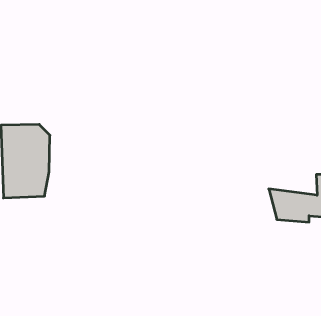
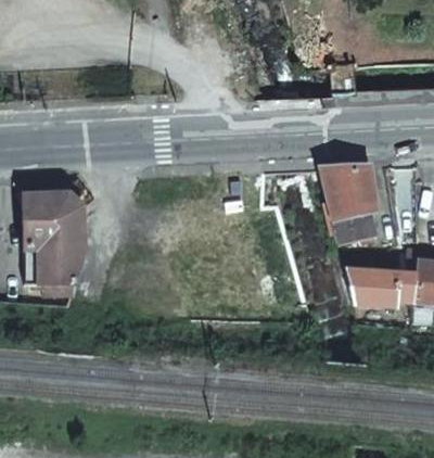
building: none -> [318,170,378,246]

